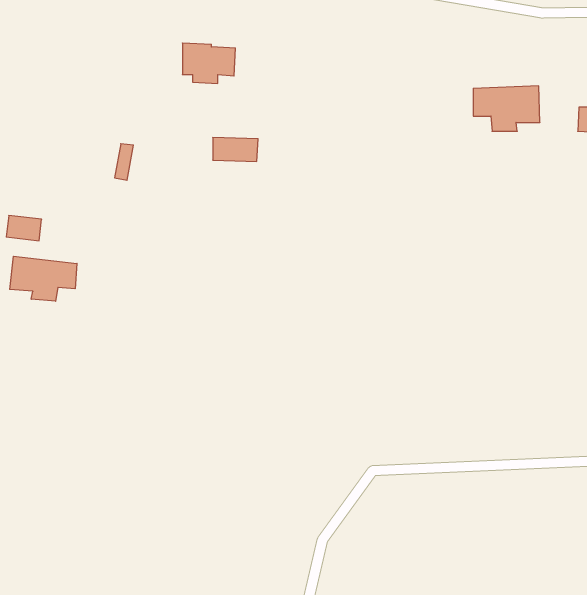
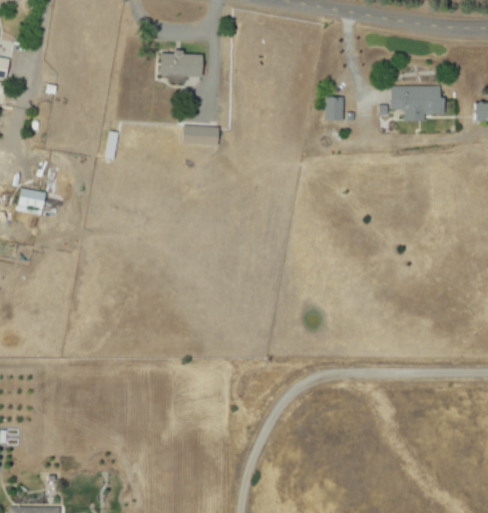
building: none -> [326,97,345,120]
building: [10,256,77,301] -> none

